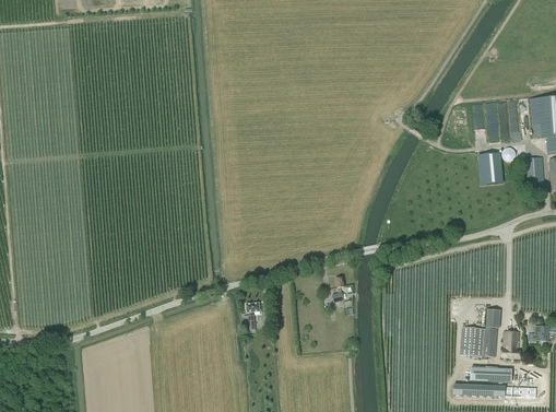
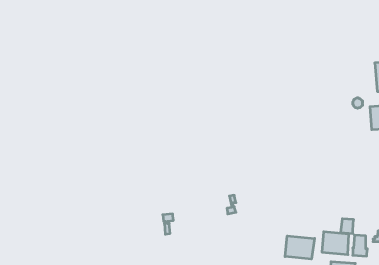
building: [478,152,502,185] -> none
building: none -> [285,236,315,259]

